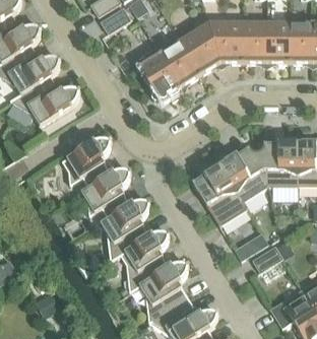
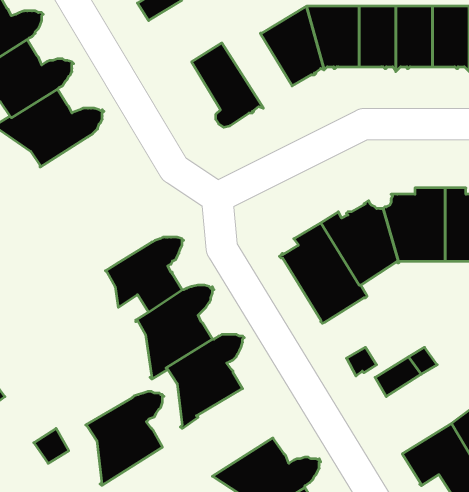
building: [154,32,199,87] -> none
building: [61,138,111,186] -> none
building: [138,262,188,322] -> [86,391,164,485]

